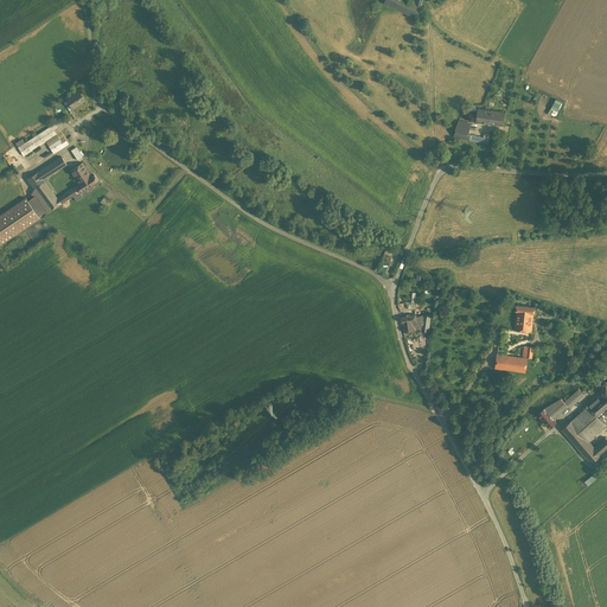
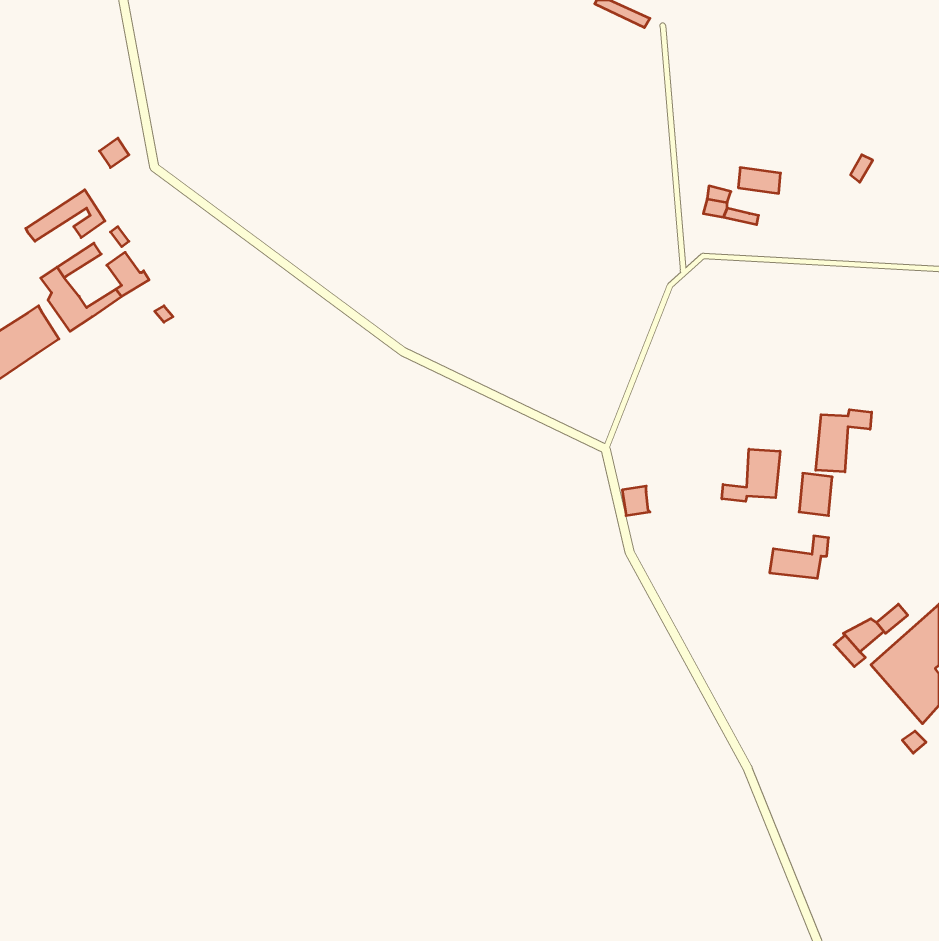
building: none -> [816,410,872,472]
building: none -> [722,449,780,501]

